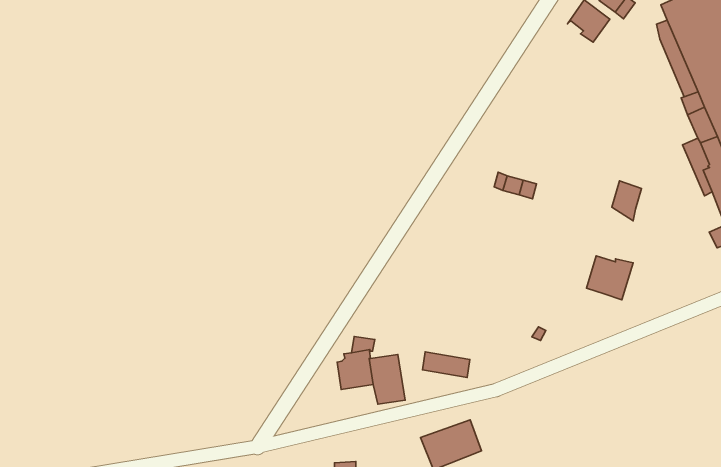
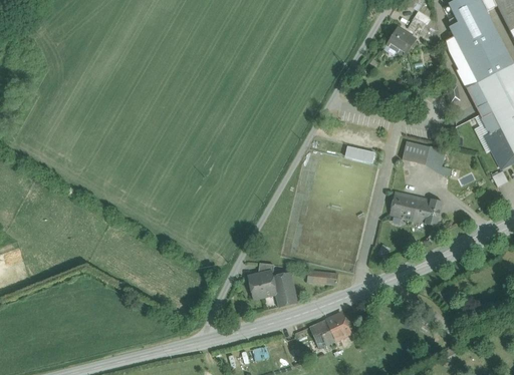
building: none -> [403,141,430,164]
building: none -> [390,193,418,220]

